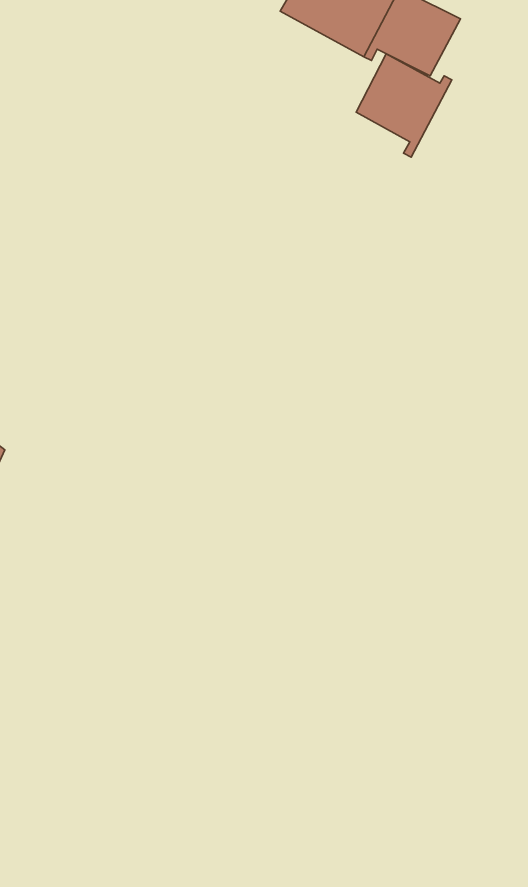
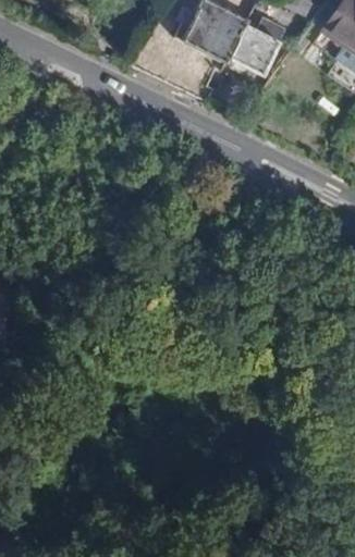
building: [356,54,452,157] -> none

